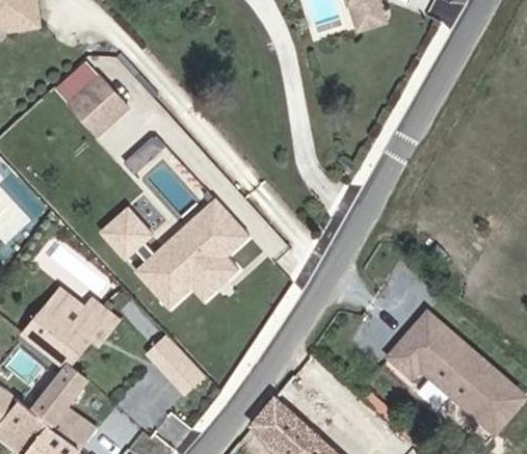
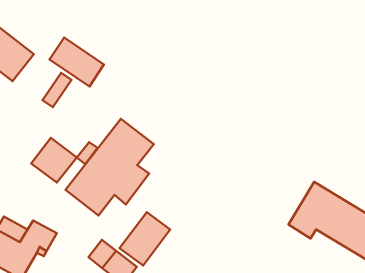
building: none -> [50,38,104,86]
building: none -> [120,212,170,266]

